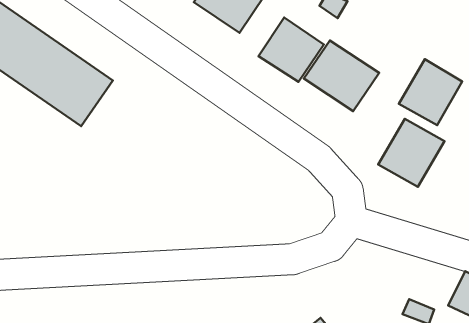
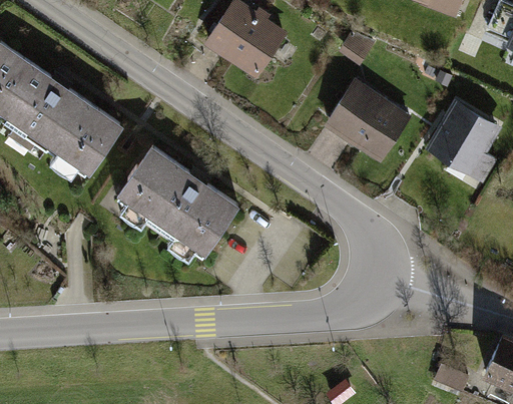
building: [259,17,324,82] -> none
building: none -> [117,147,239,259]
building: [378,119,445,187] -> none

